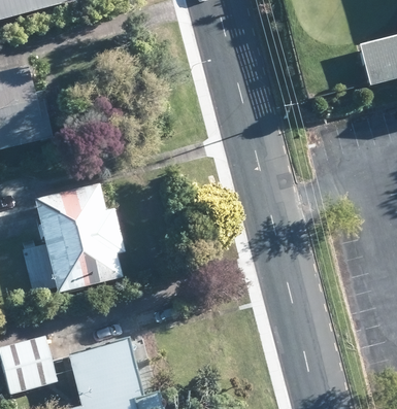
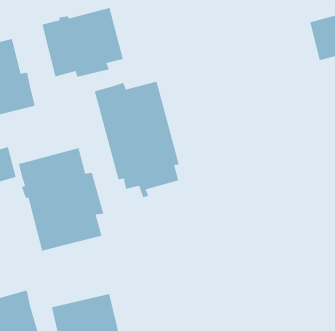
building: none -> [42,7,124,78]
building: none -> [94,81,179,198]

